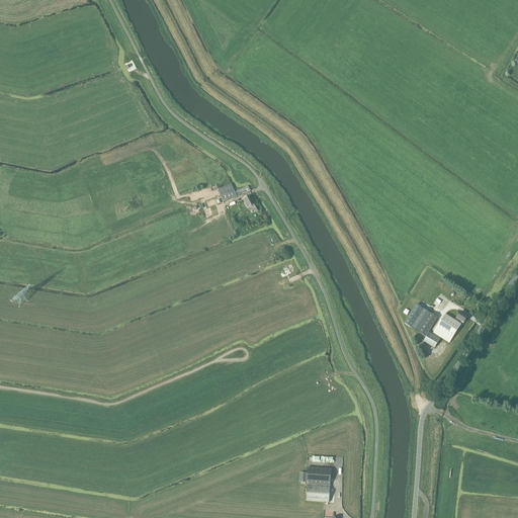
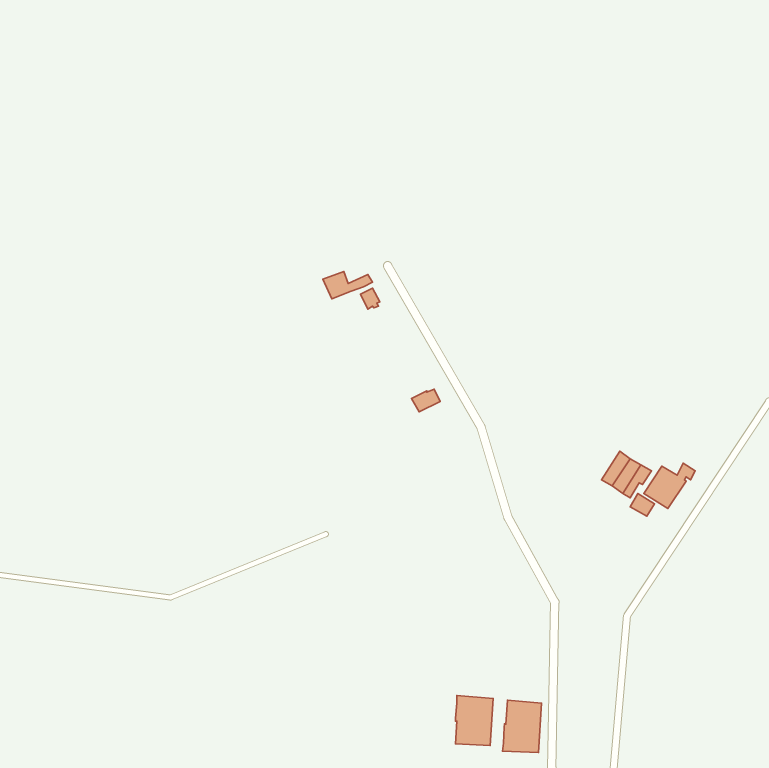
building: none -> [503,700,542,753]

